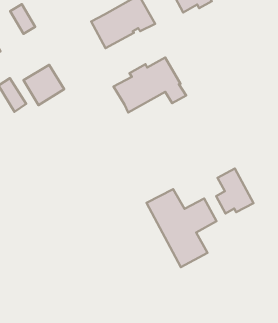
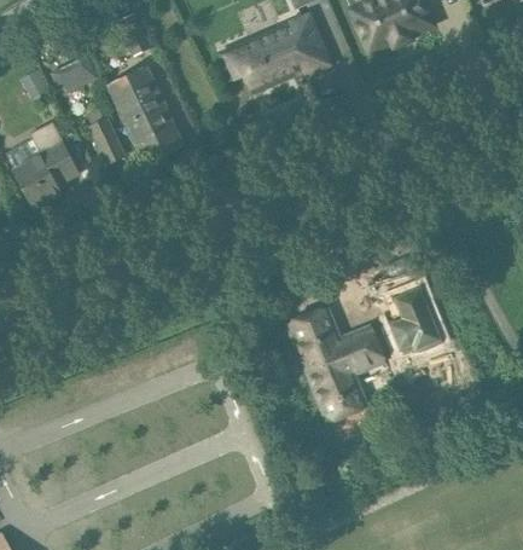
building: none -> [107,64,167,123]
building: [114,58,186,112] -> none

